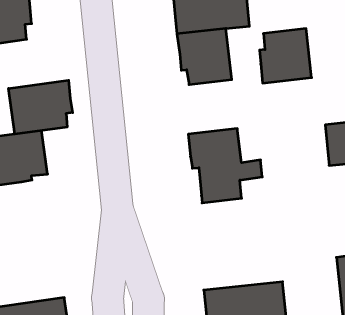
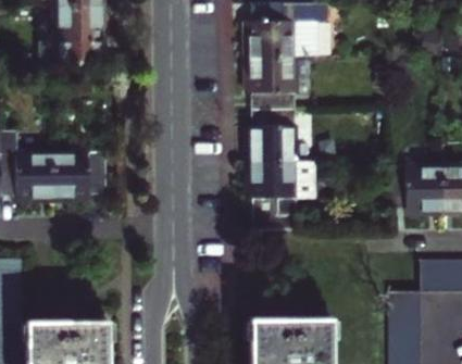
building: [260,29,312,83] -> [250,111,300,162]
building: [9,80,73,134] -> none

